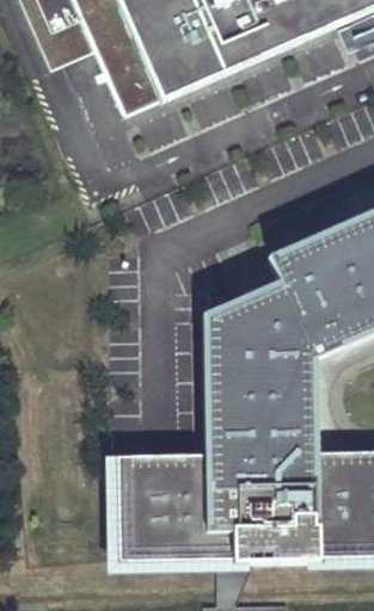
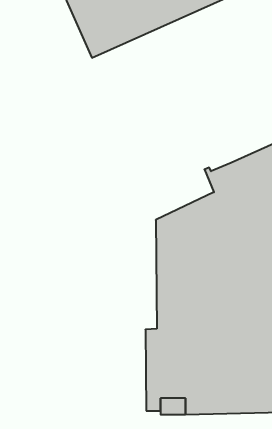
building: [123,453,194,556] -> none

